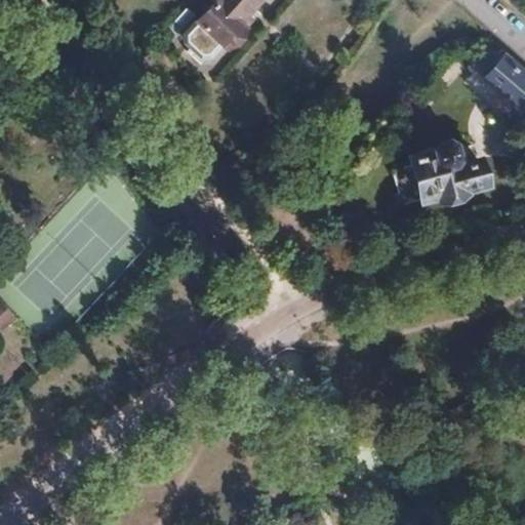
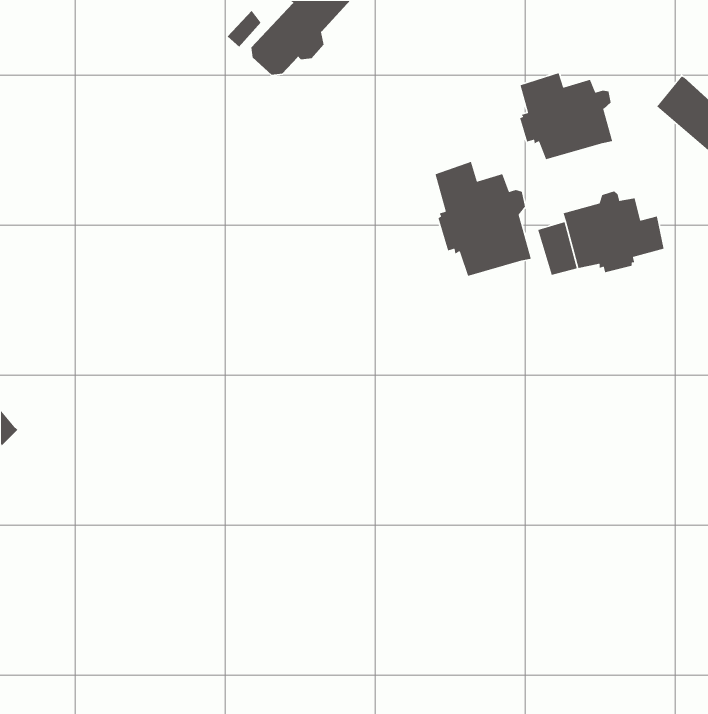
building: none -> [519,72,613,160]
building: none -> [434,161,532,277]

